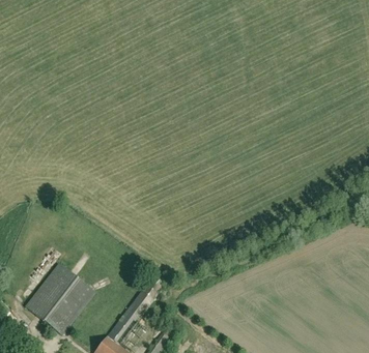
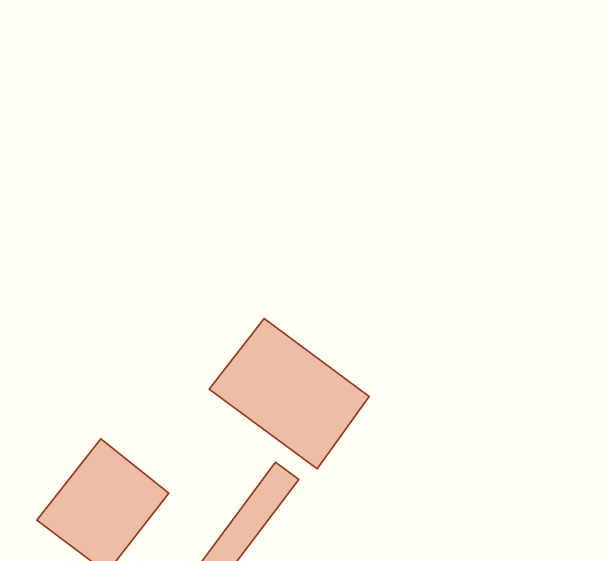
building: none -> [209,319,369,469]

